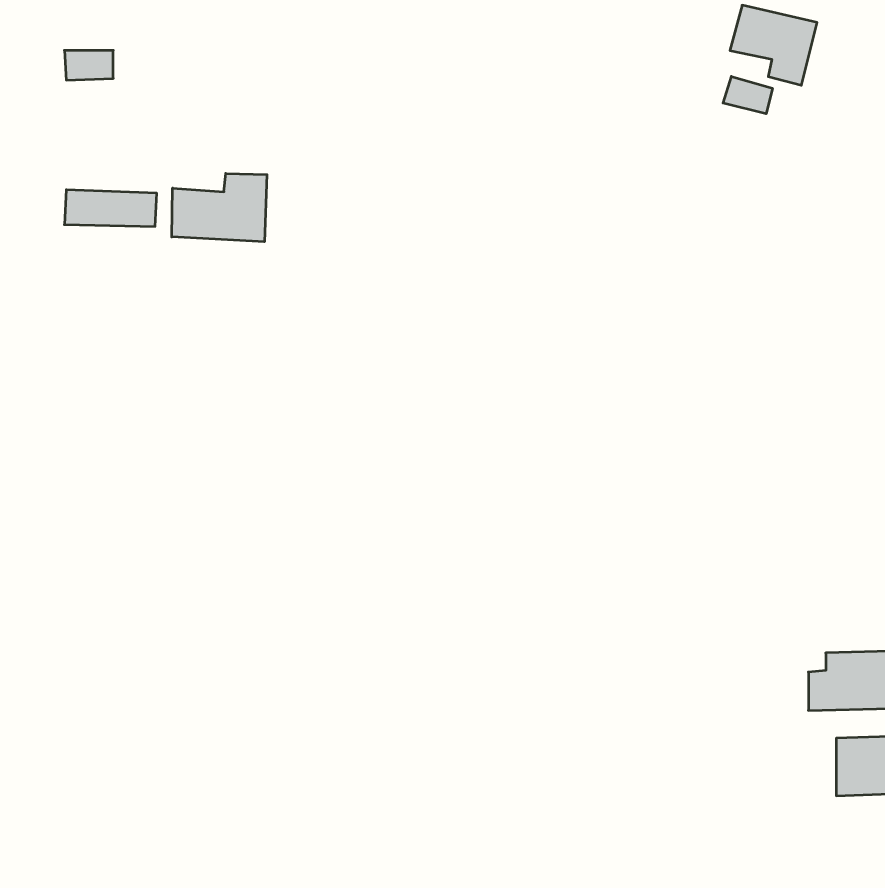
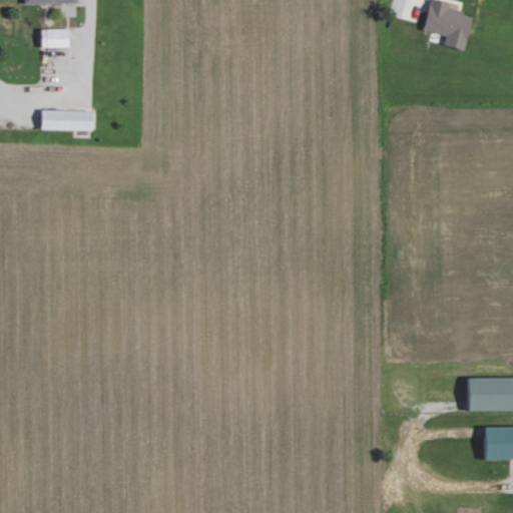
building: [723,76,772,114] -> none
building: [172,173,267,242] -> none

